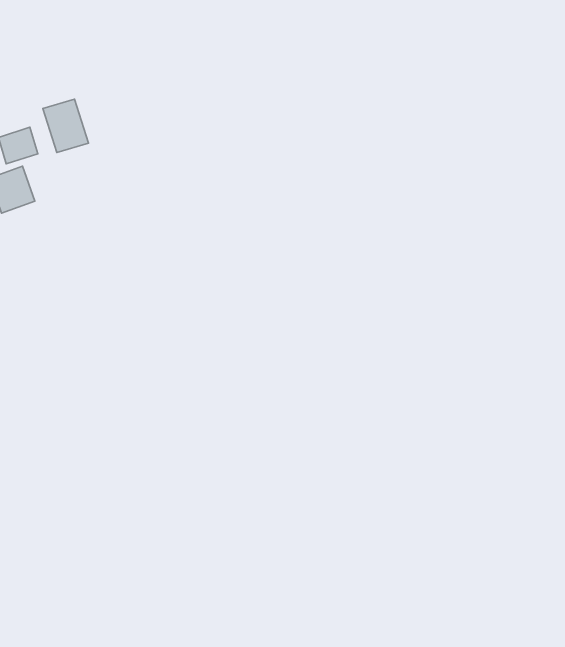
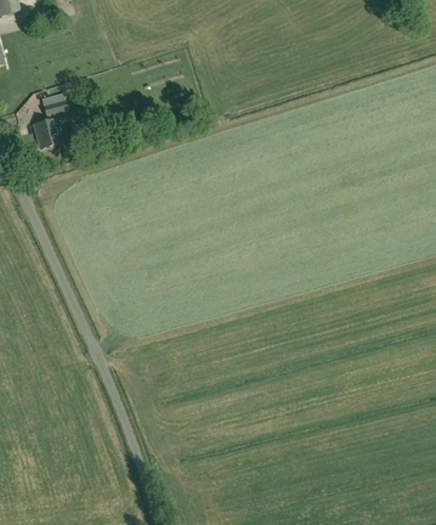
building: [43,99,88,153] -> none

